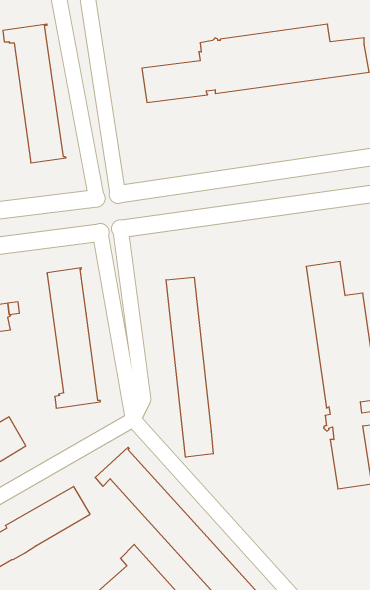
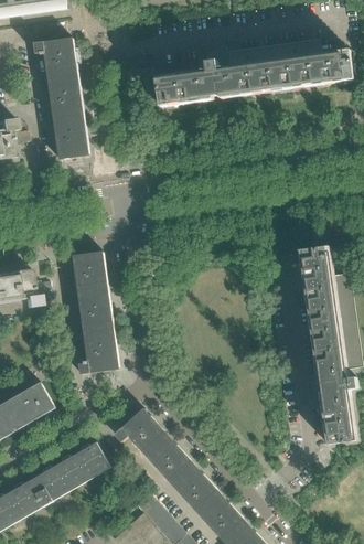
building: [166,277,213,457] -> none

